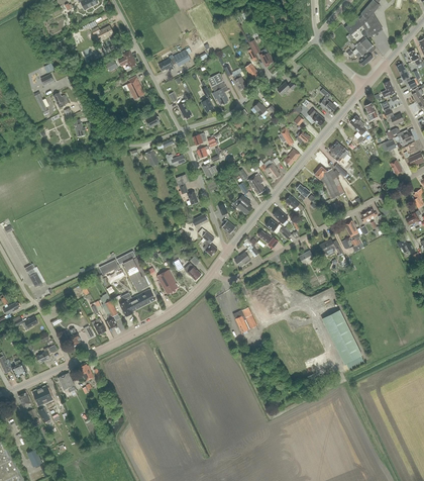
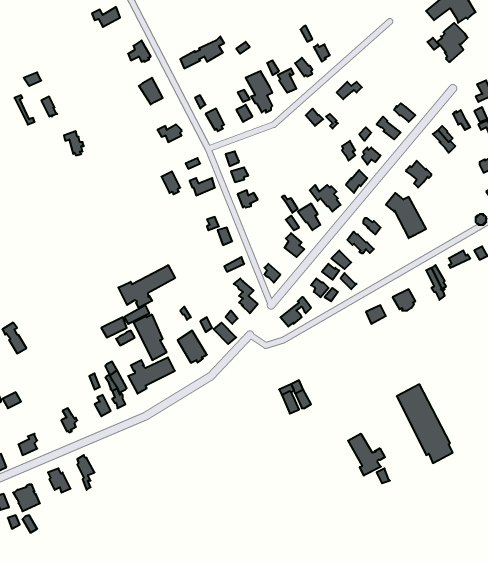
building: none -> [118,265,175,308]
building: none -> [348,434,385,476]

